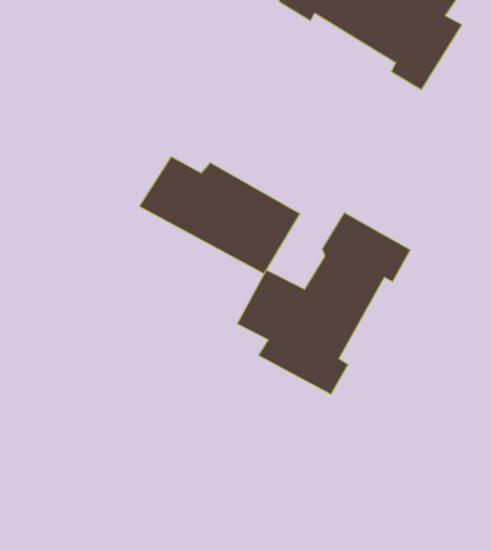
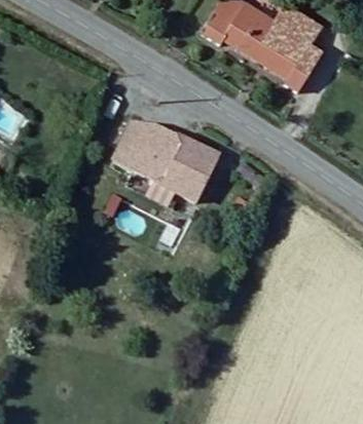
building: [238,213,410,394] -> none

